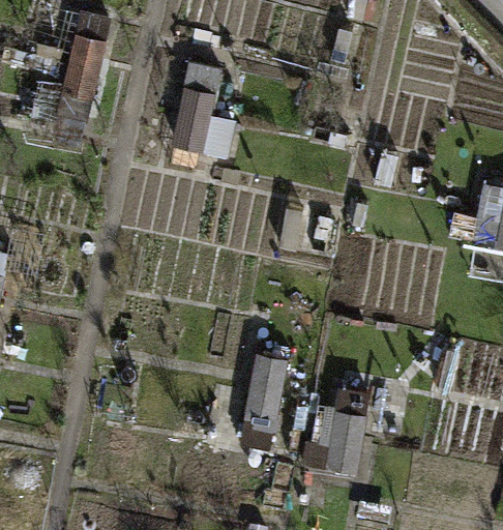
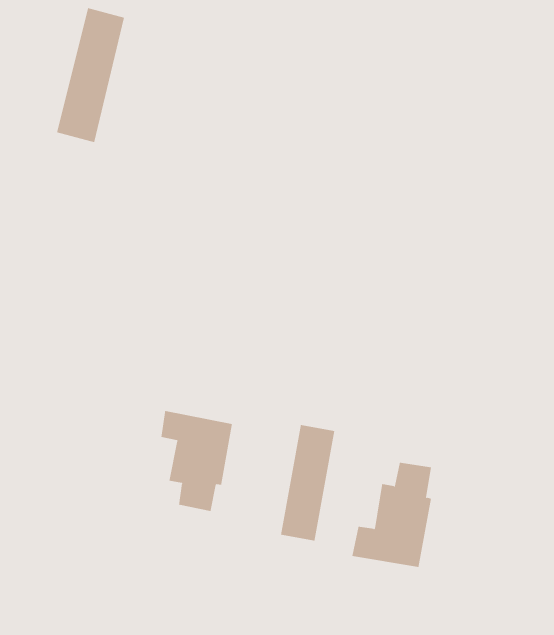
building: [171,61,235,158] -> none
building: none -> [161,410,233,512]

